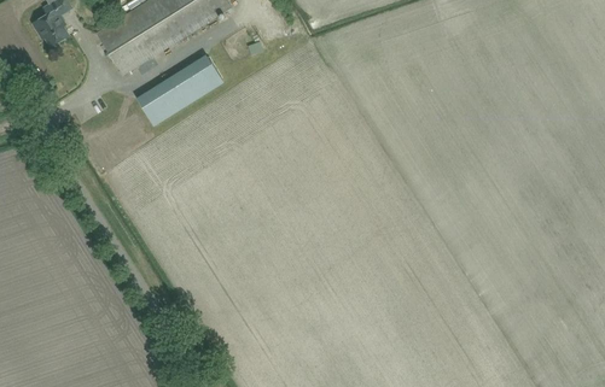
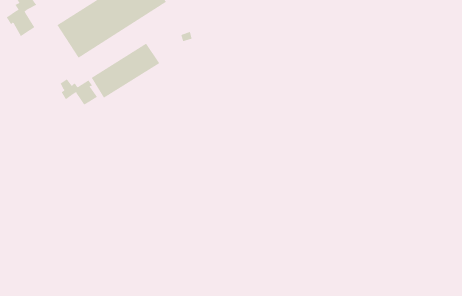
building: none -> [60,78,98,106]

